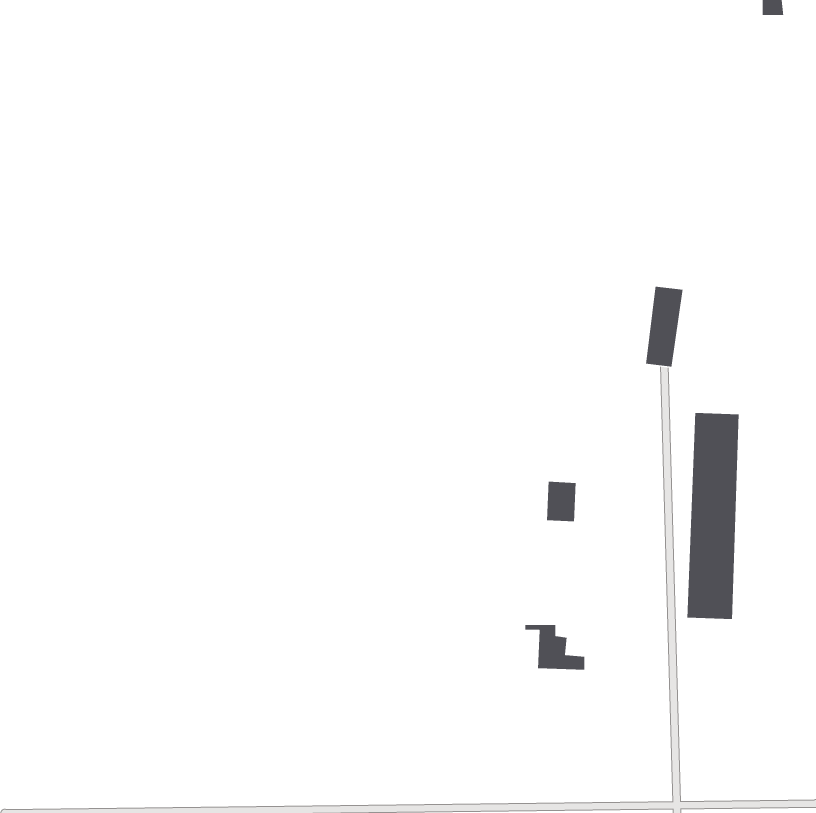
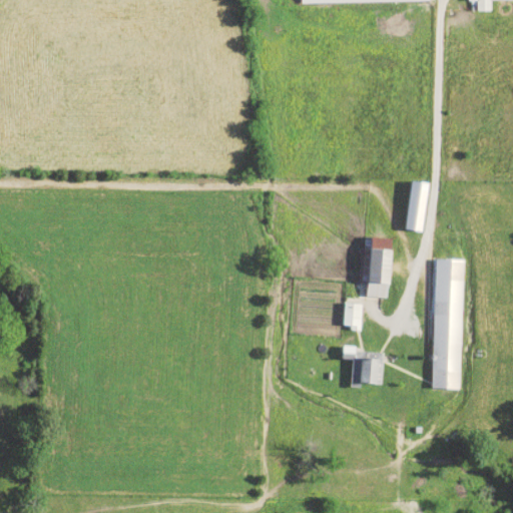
building: none -> [367,236,390,297]
building: [524,624,585,671] -> [342,354,380,383]

